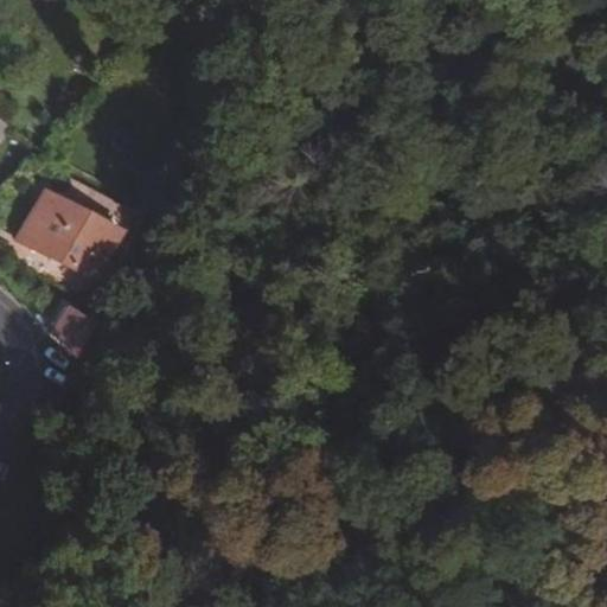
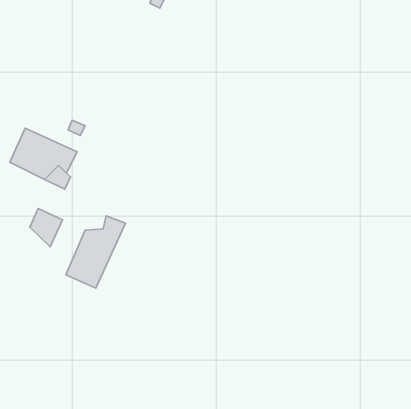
building: none -> [66,216,125,288]

